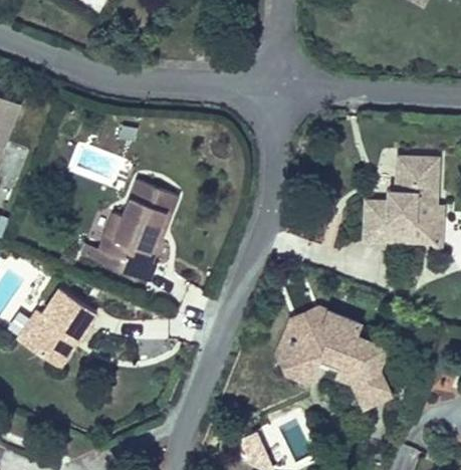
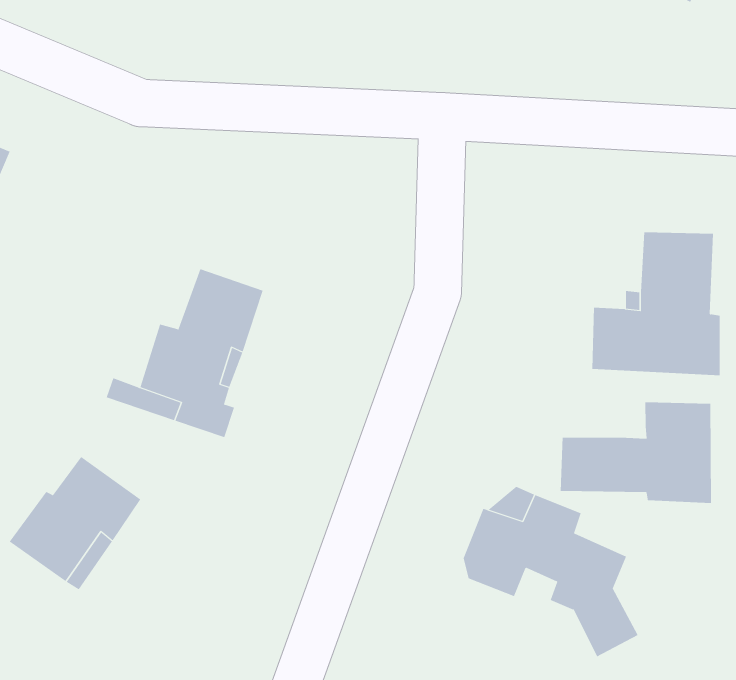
building: none -> [560,401,712,504]
building: [278,316,319,384] -> none

